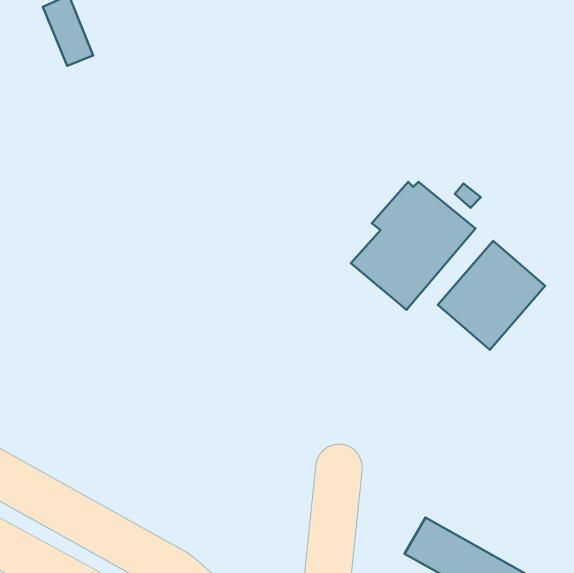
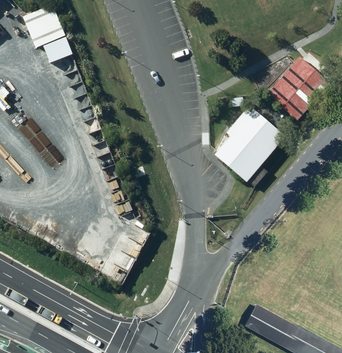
building: [438,241,545,350] -> [266,56,328,119]

